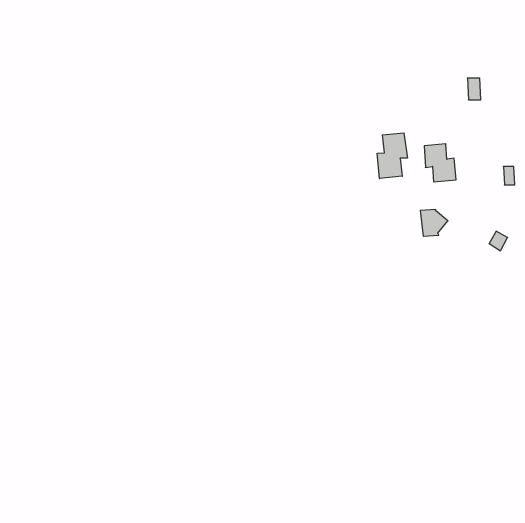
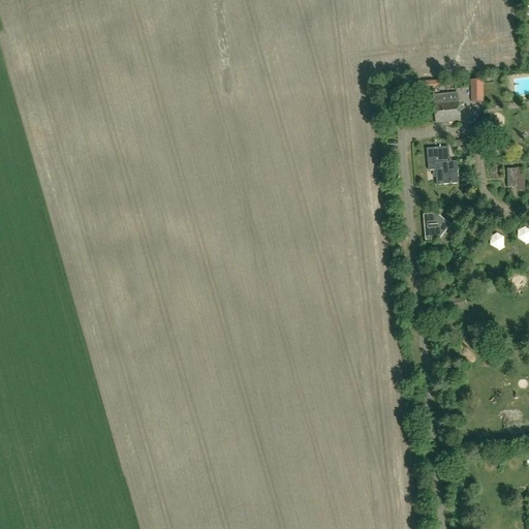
building: none -> [433,91,461,121]
building: [377,133,407,179] -> none

